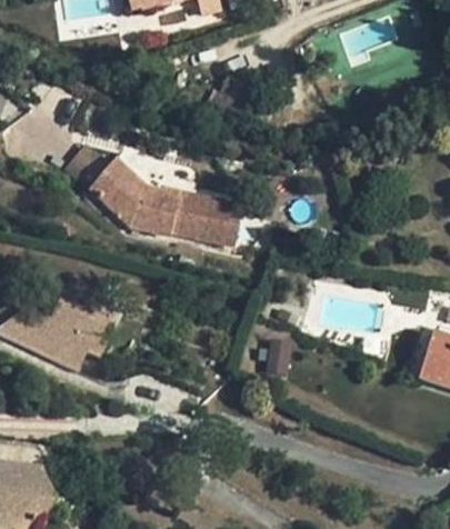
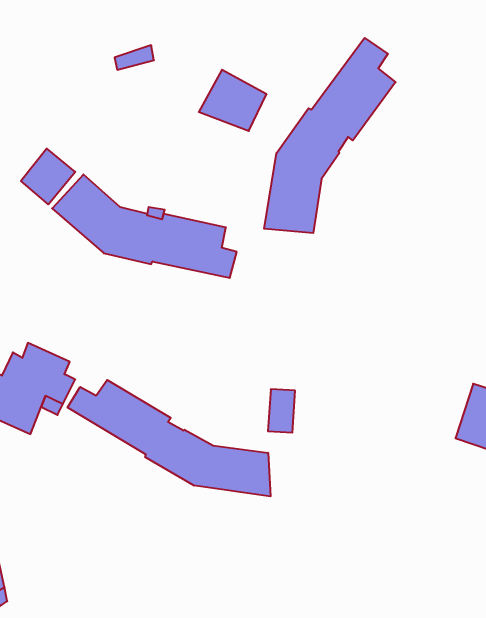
building: none -> [264,38,396,233]
building: none -> [68,380,271,496]

